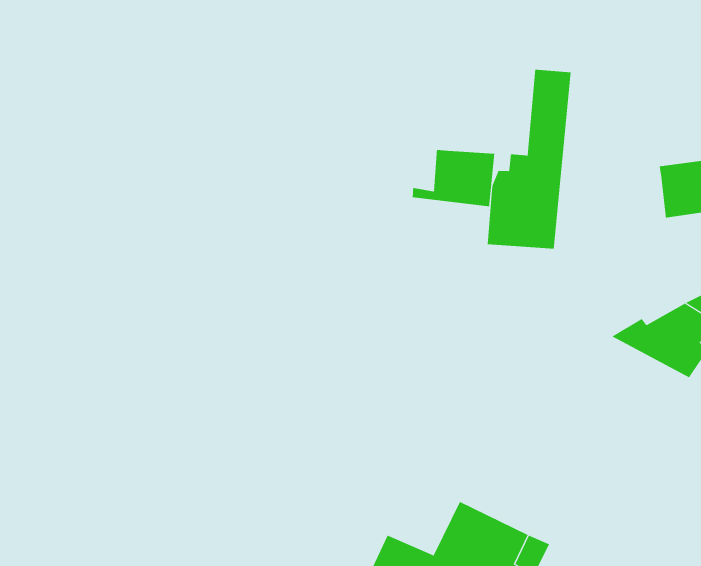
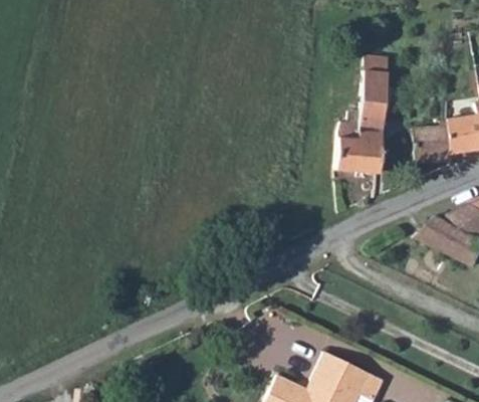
building: [412,149,495,207] -> none
building: none -> [414,131,452,168]

